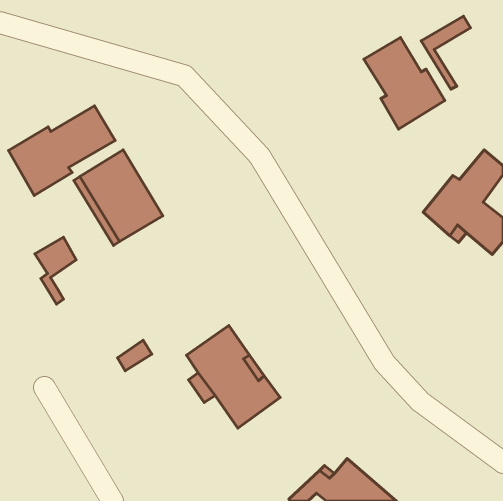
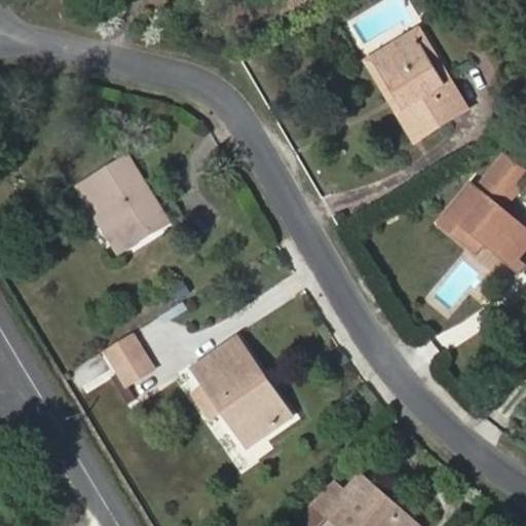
building: [421,16,471,89] -> [366,27,417,103]
building: [9,106,115,196] -> none
building: [35,237,76,304] -> [106,331,149,401]

